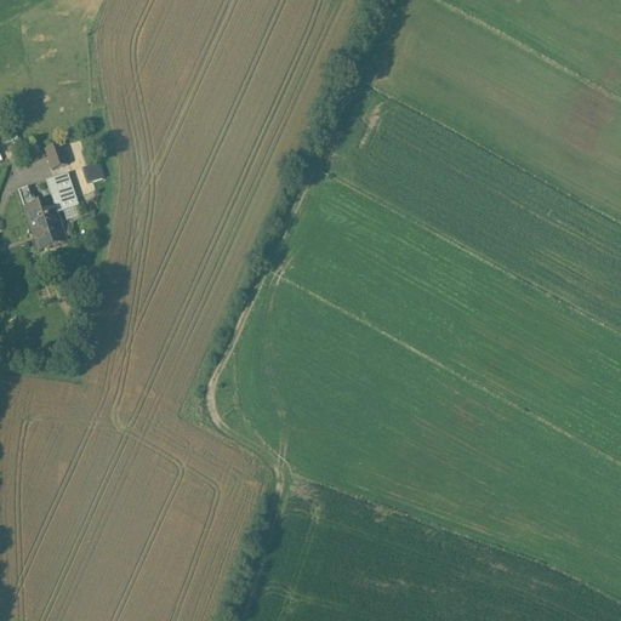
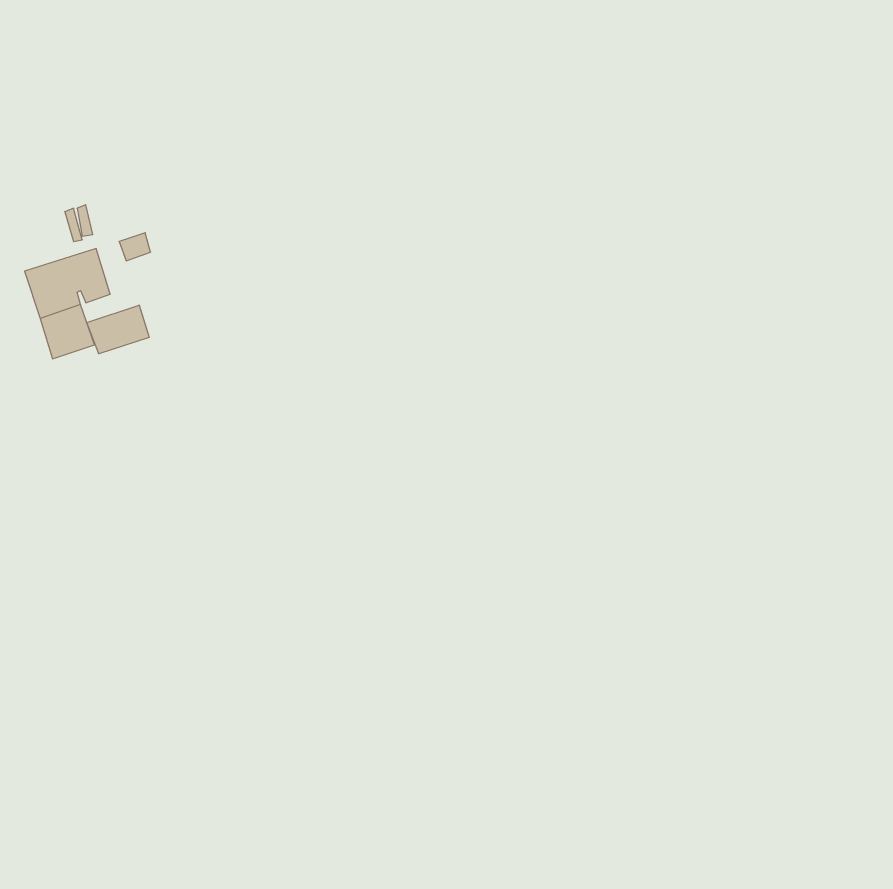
building: none -> [87,305,149,354]

